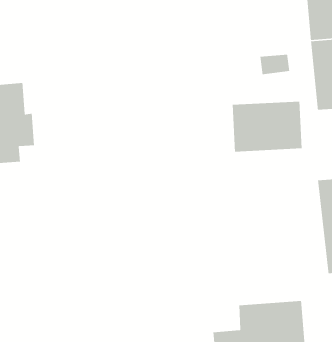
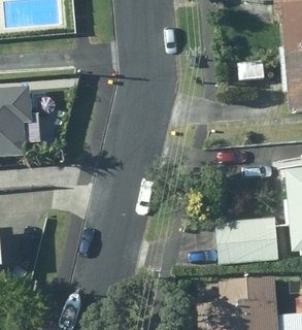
building: [232,101,302,152] -> [216,217,278,262]

